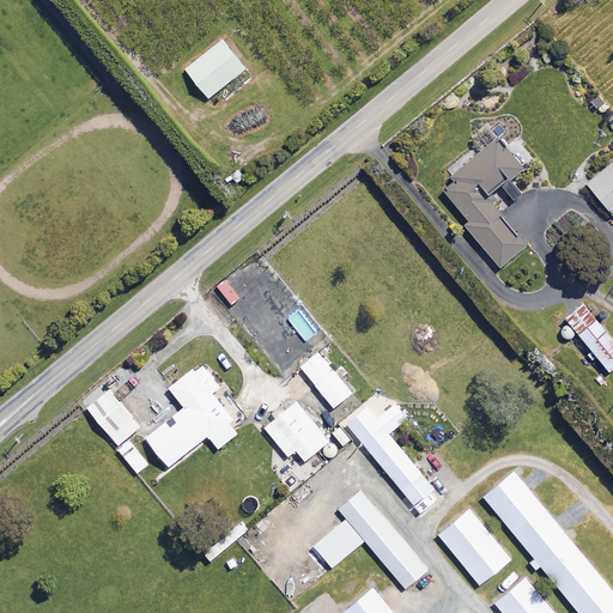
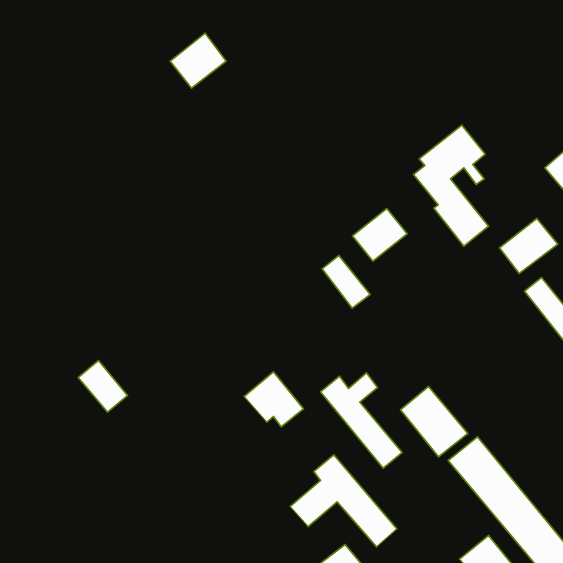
building: none -> [352,208,407,261]
building: none -> [500,218,558,273]
building: [301,352,352,408] -> [322,255,370,308]
building: [146,363,238,467] -> none
building: [438,509,510,584] -> [401,386,468,457]

